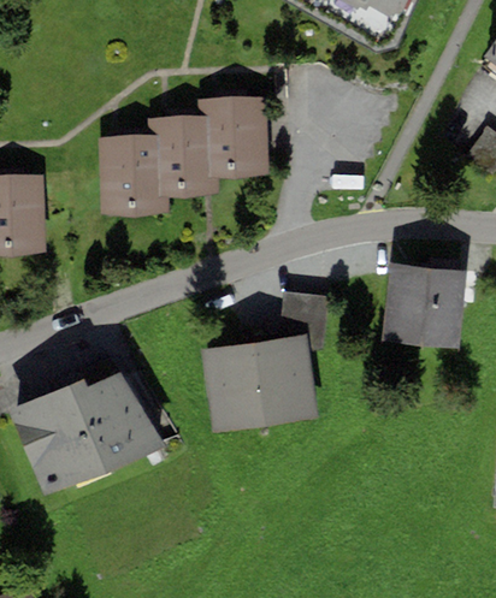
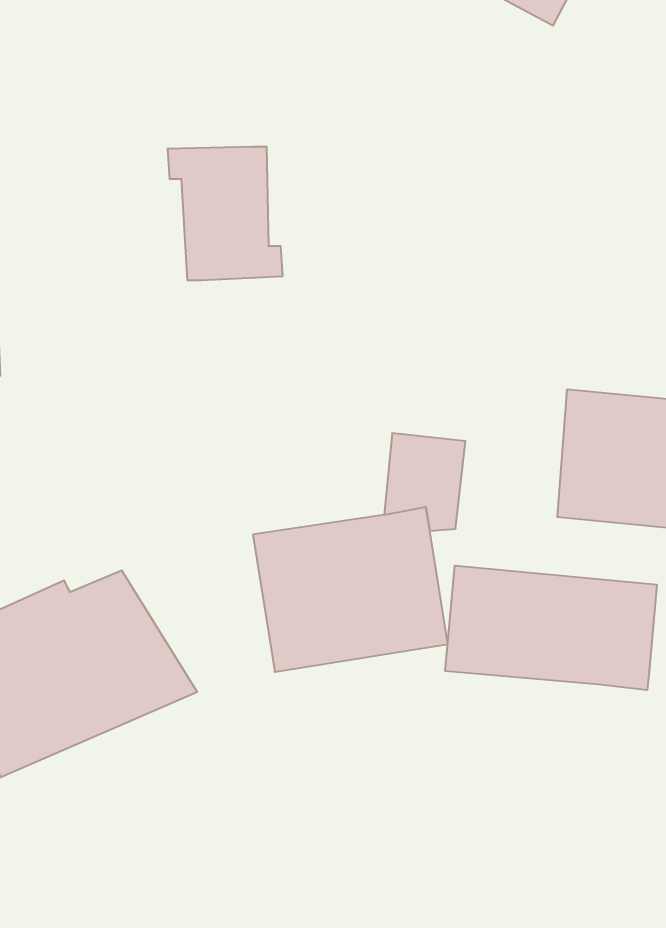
building: [199,96,270,176] -> none
building: [99,135,169,217] -> none
building: none -> [445,566,657,690]

